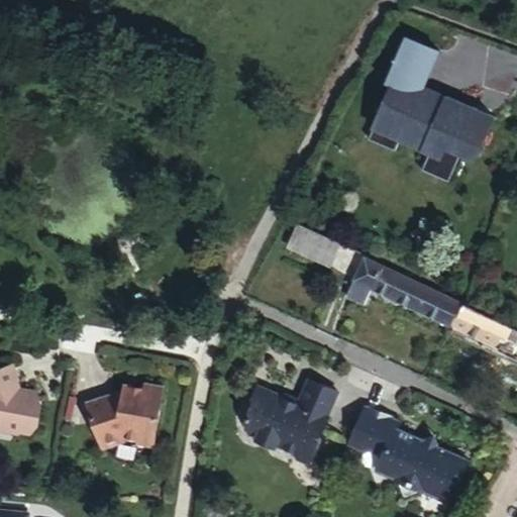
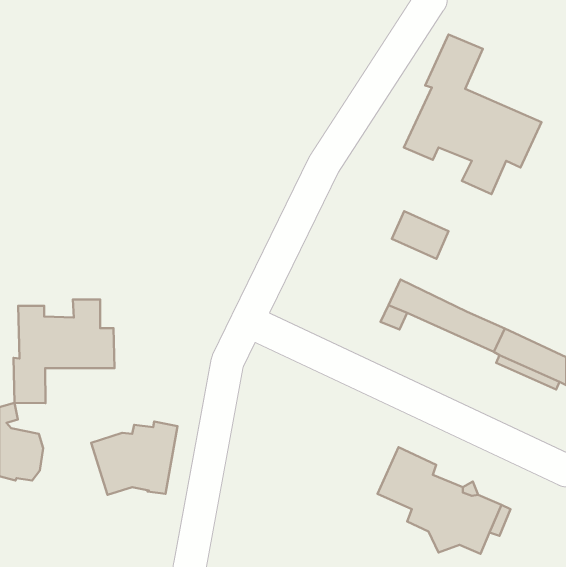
building: [289,222,340,266] -> [392,211,449,259]
building: none -> [14,299,114,403]
building: [241,383,337,470] -> none

